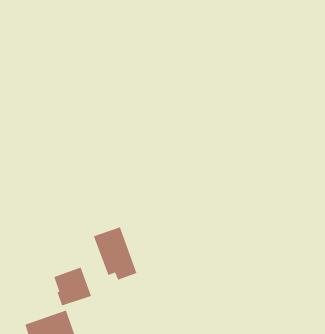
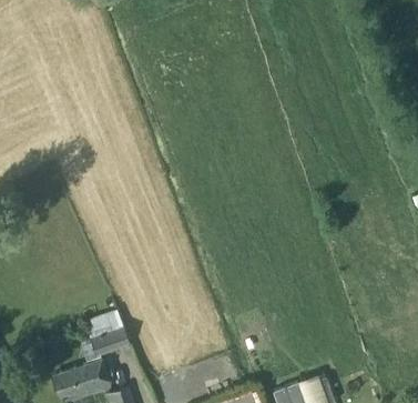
building: [93,226,137,281] -> none

